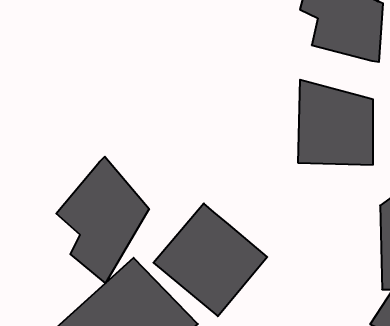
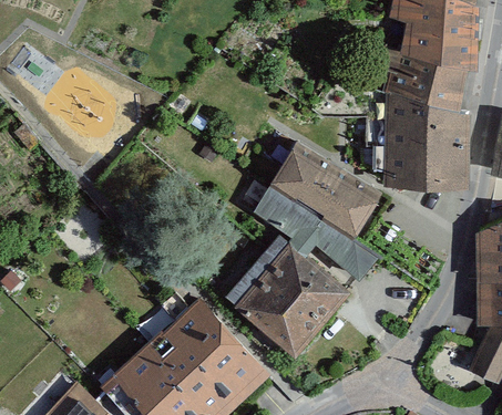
building: none -> [379,55,468,115]
building: none -> [253,143,386,286]
building: [56,157,149,283] -> none

